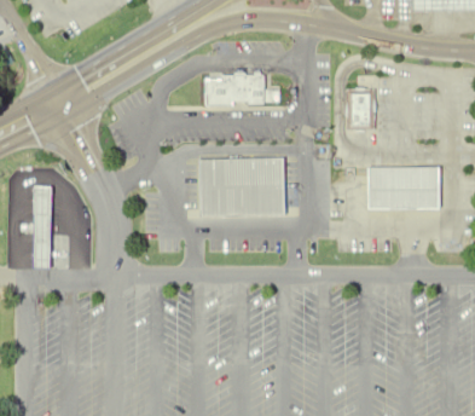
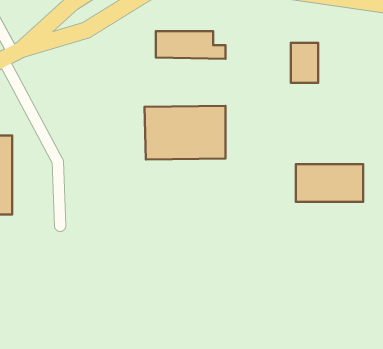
building: [363,163,434,203] -> [296,164,363,202]

